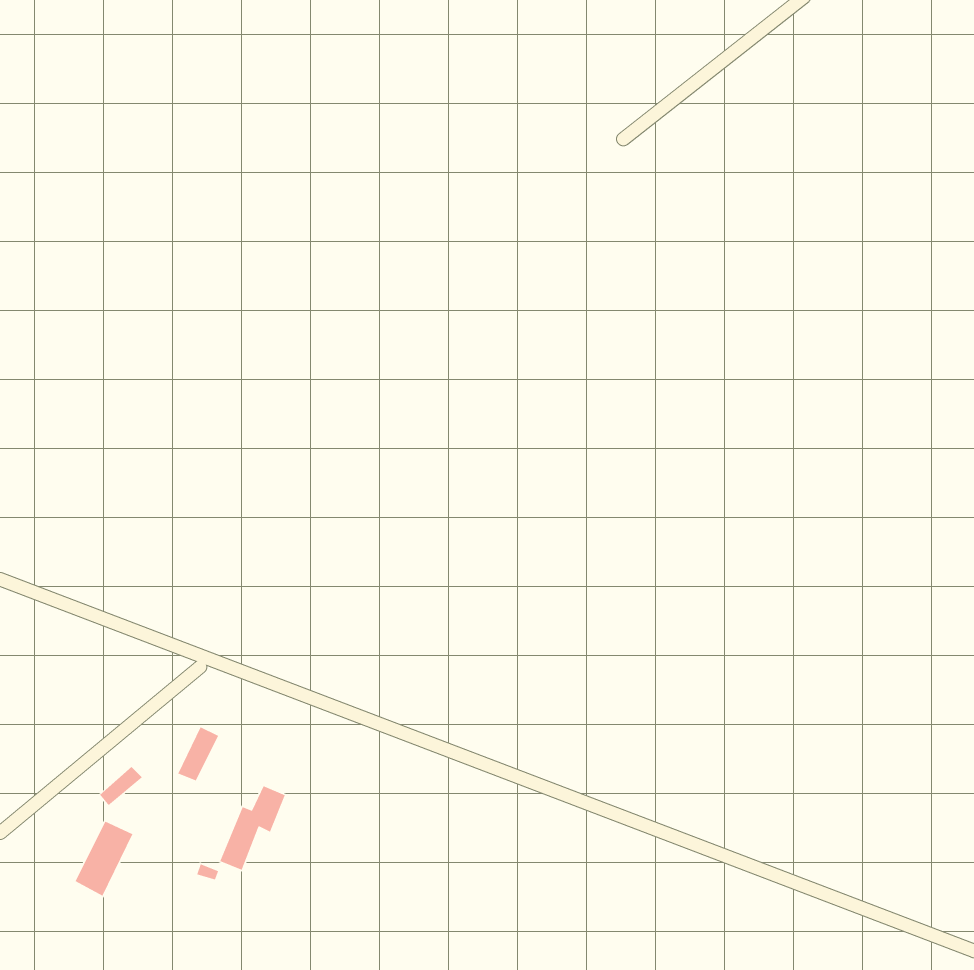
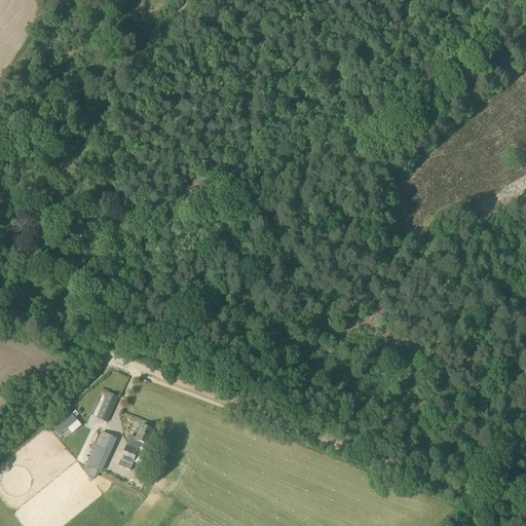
building: [74,821,133,897] -> [85,430,117,472]

